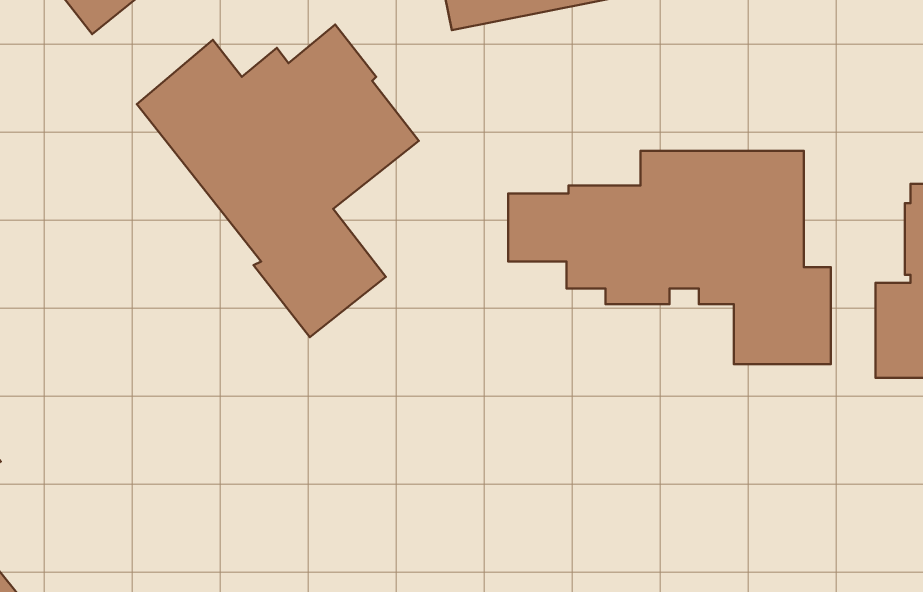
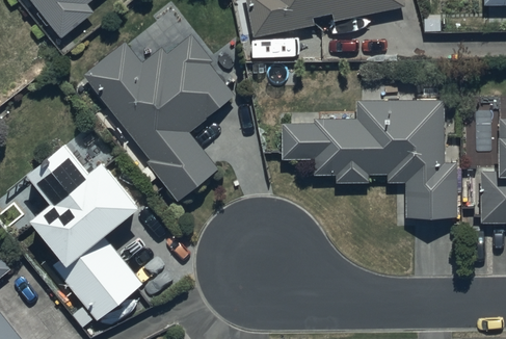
building: none -> [26,133,142,318]

